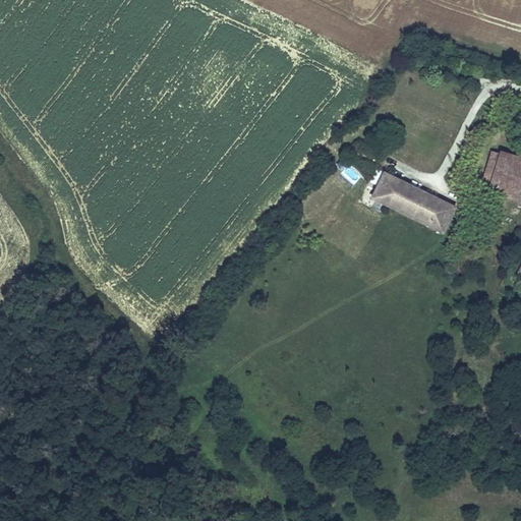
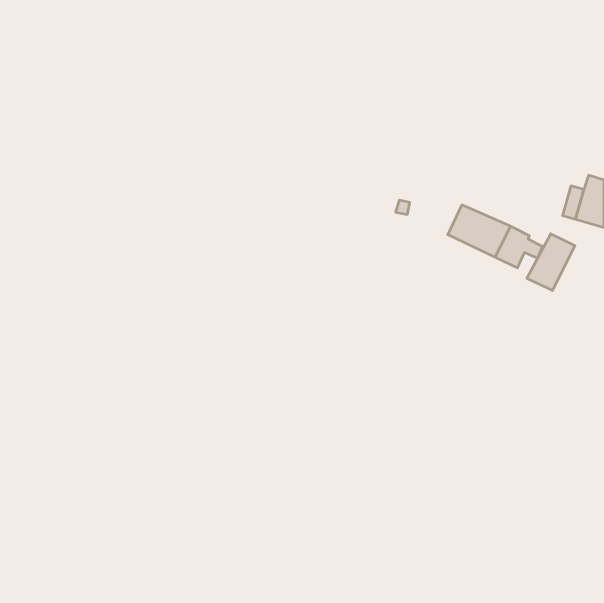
building: [370,171,397,204] -> none
building: none -> [527,234,575,291]

